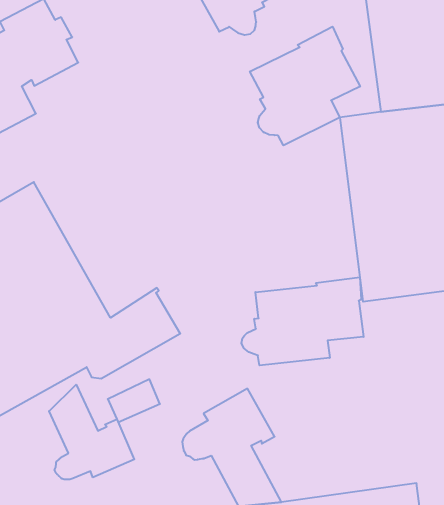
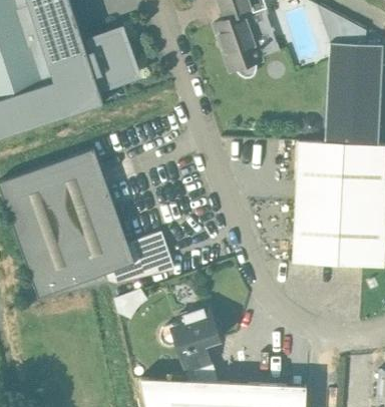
building: [250,27,360,145] -> none
building: [242,277,364,365] -> none
building: [49,385,134,479] -> none

